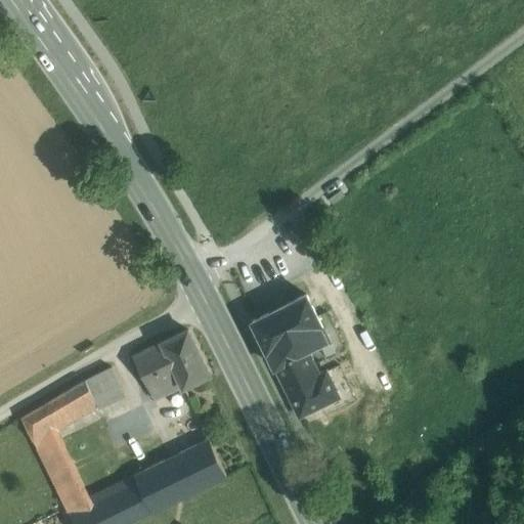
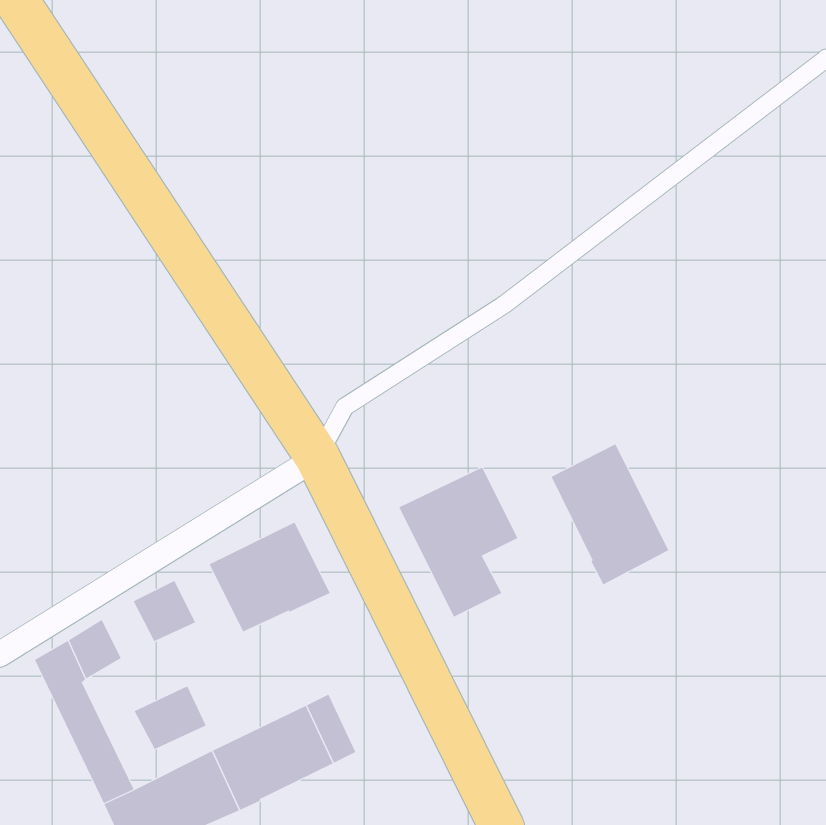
building: none -> [551,443,669,585]
building: [287,374,337,417] -> none
building: [64,382,97,418] -> none
building: none -> [134,685,207,750]

